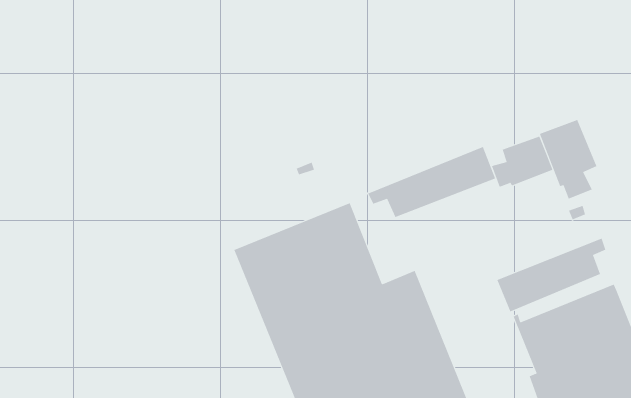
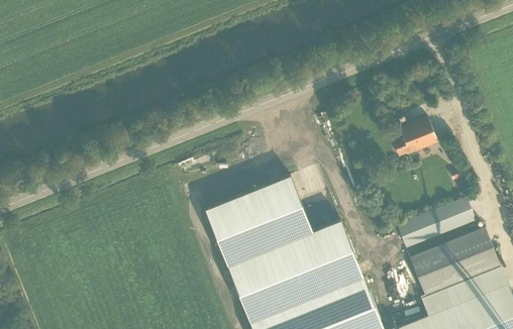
building: [539,119,597,200] -> none
building: [368,146,496,218] -> none

